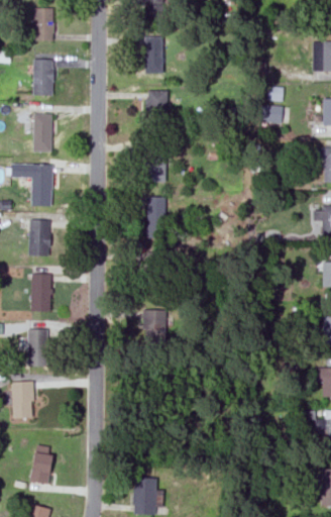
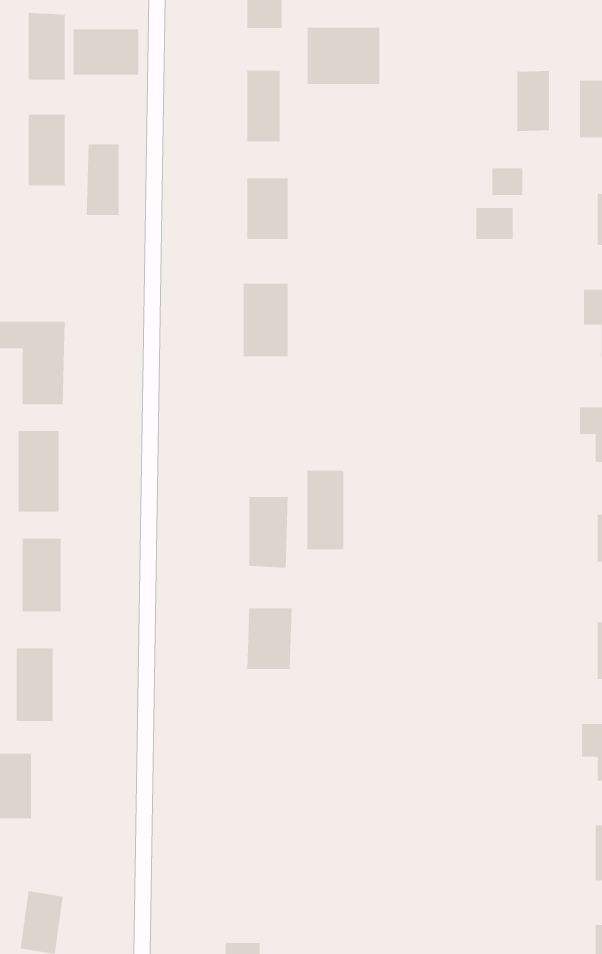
building: none -> [307,27,380,85]
building: none -> [73,28,139,75]
building: none -> [517,70,549,132]
building: [33,114,50,150] -> [86,144,120,216]
building: [146,197,166,237] -> [307,470,344,550]

